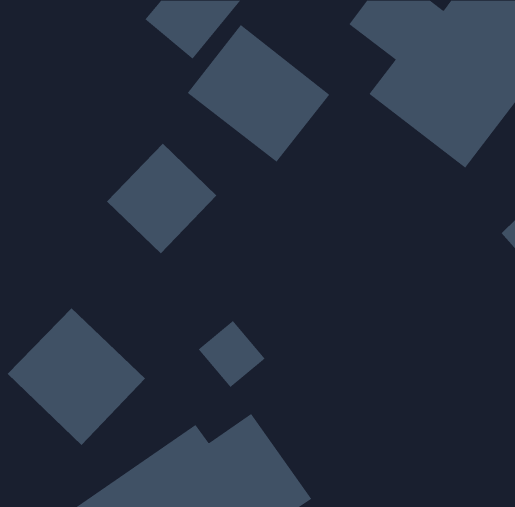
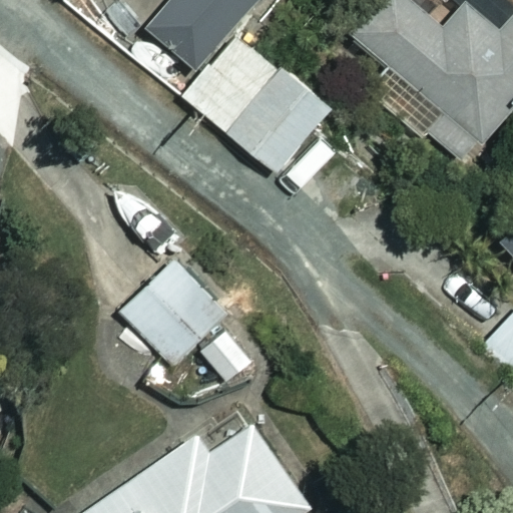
building: [106,143,217,254] -> [120,256,230,367]
building: [7,307,146,446] -> none

